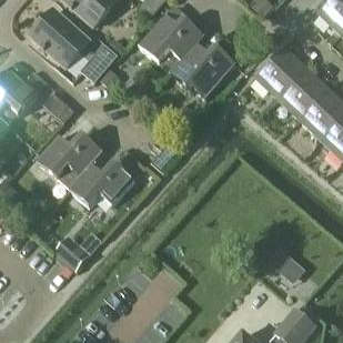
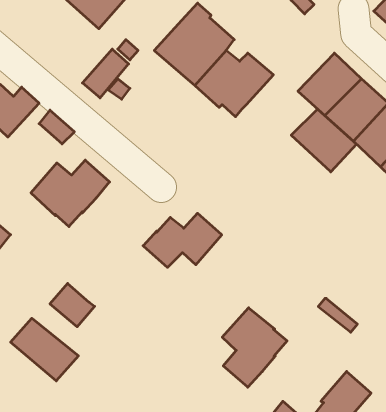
building: [31,10,89,67] -> none
building: none -> [291,109,357,172]
building: [69,162,133,206] -> [143,213,222,267]
building: none -> [222,308,287,387]
building: none -> [11,318,78,381]

